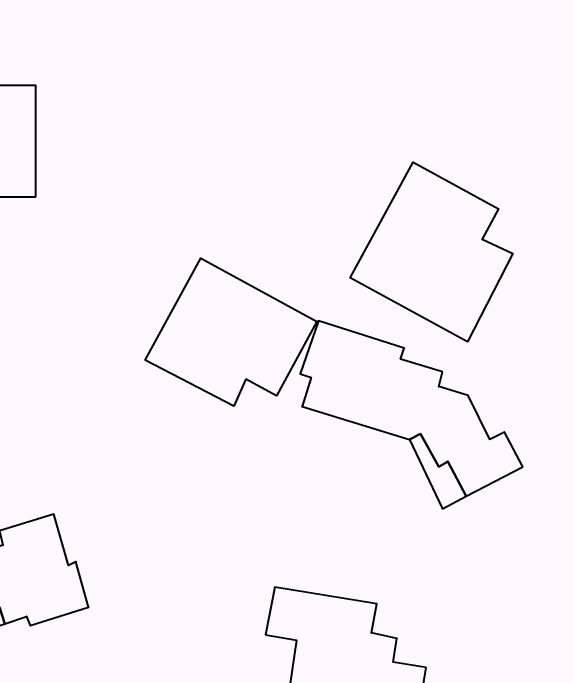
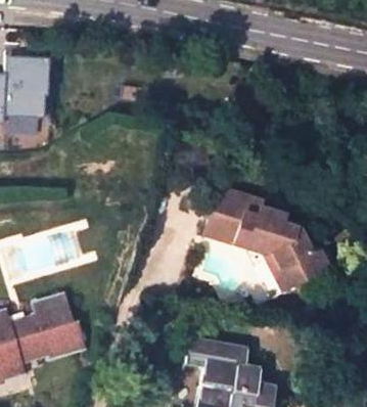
building: [350,162,513,342] -> none
building: [145,258,317,406] -> none

